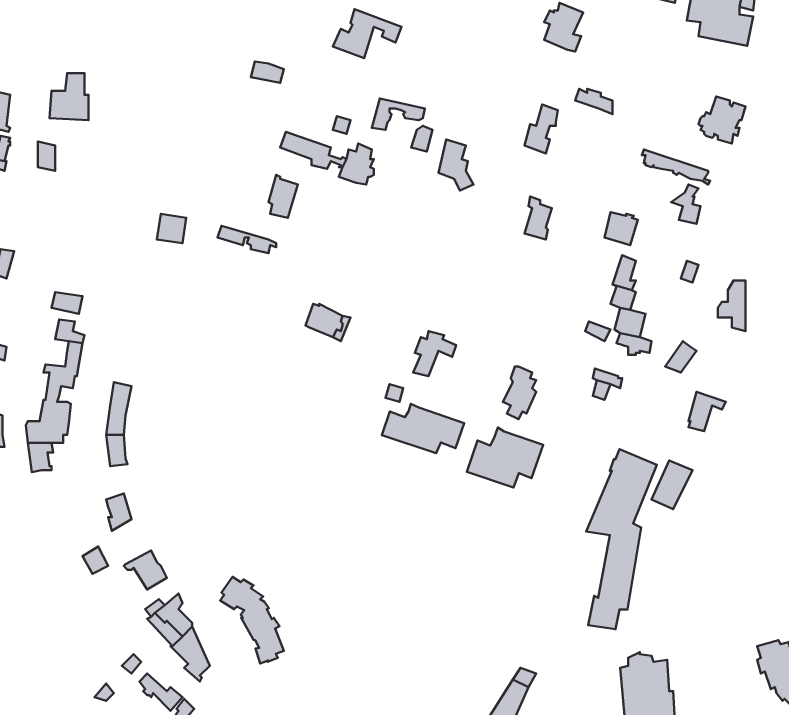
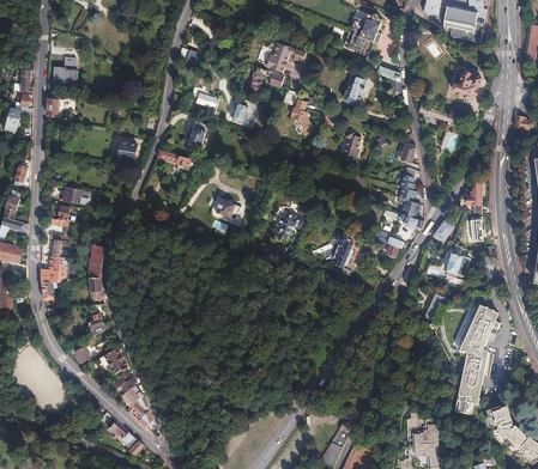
building: [333,9,401,58] -> [261,42,303,72]
building: [382,404,464,453] -> none
building: [467,427,543,487] -> none
building: [586,449,657,629] -> [452,300,495,410]
building: [220,577,284,663] -> none

